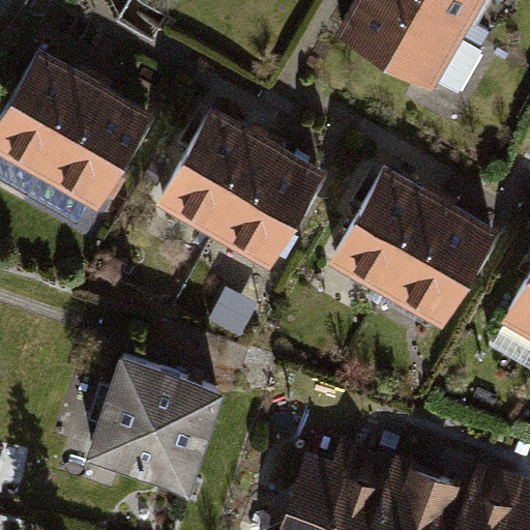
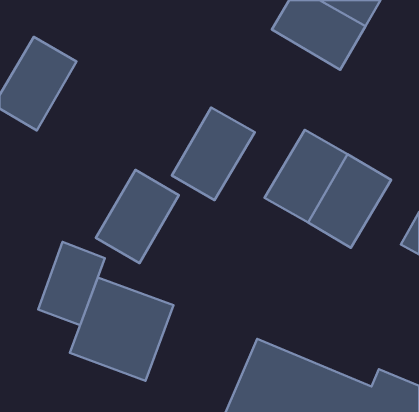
building: [47,87,151,205] -> none
building: [161,113,266,231] -> [96,170,179,263]
building: none -> [38,242,105,325]

